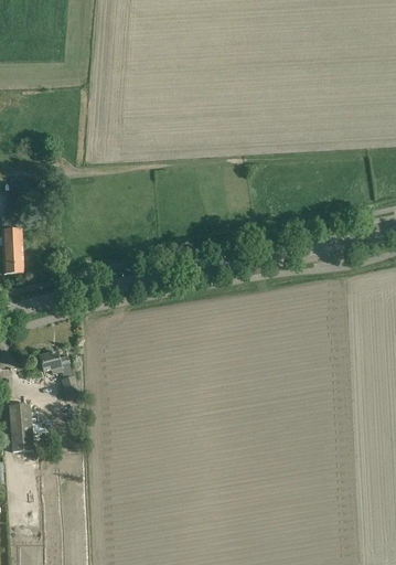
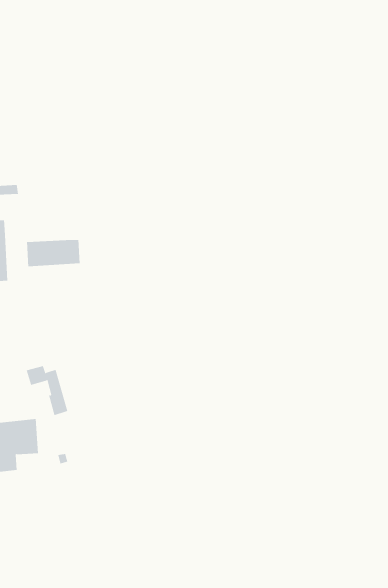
building: none -> [27,239,80,267]

